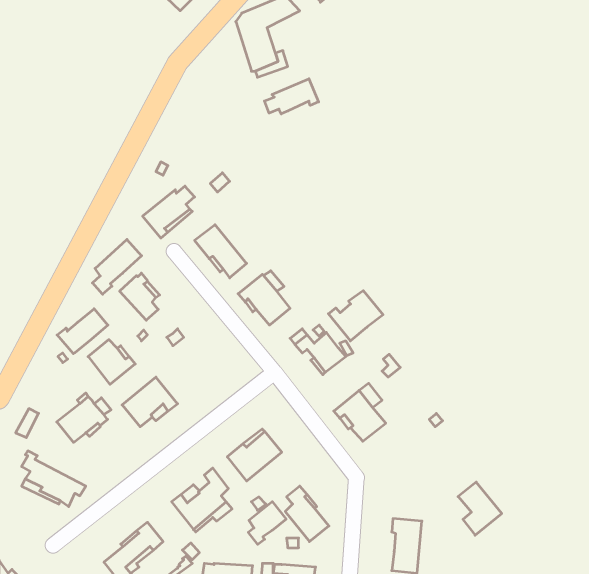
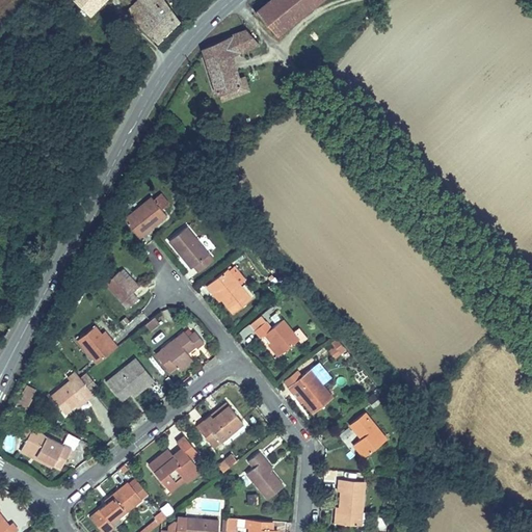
building: [264,79,319,114] -> none
building: [92,239,142,294] -> none
building: [328,291,383,341] -> none
building: [57,309,108,354] -> none
building: none -> [155,331,204,373]
building: [458,482,502,535] -> [349,413,387,458]
building: [248,502,286,544] -> none

